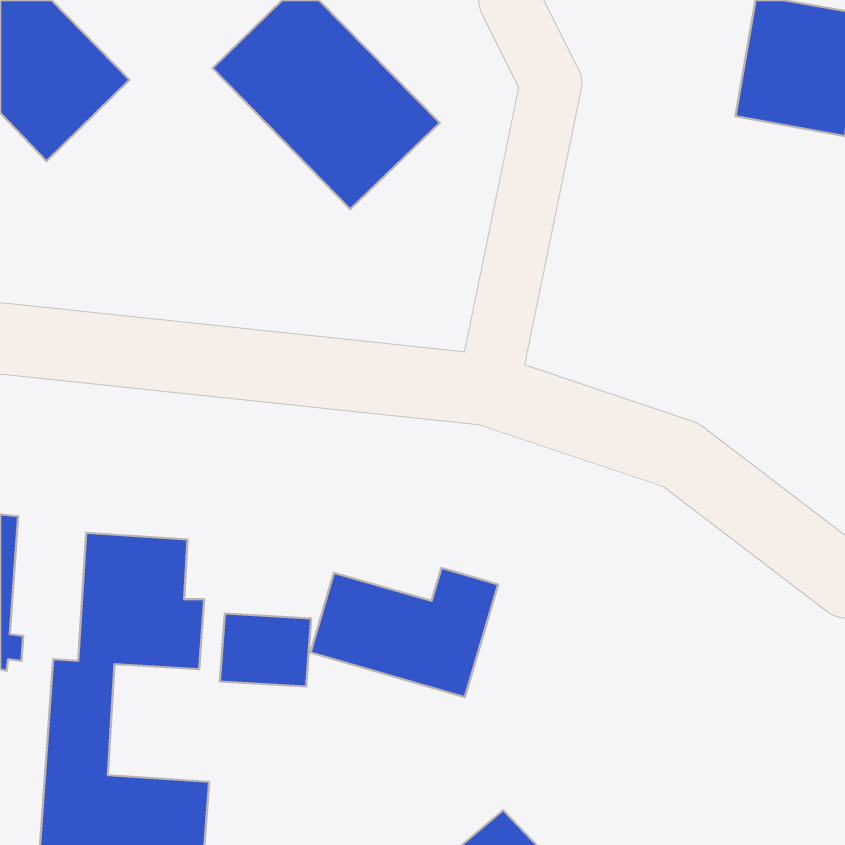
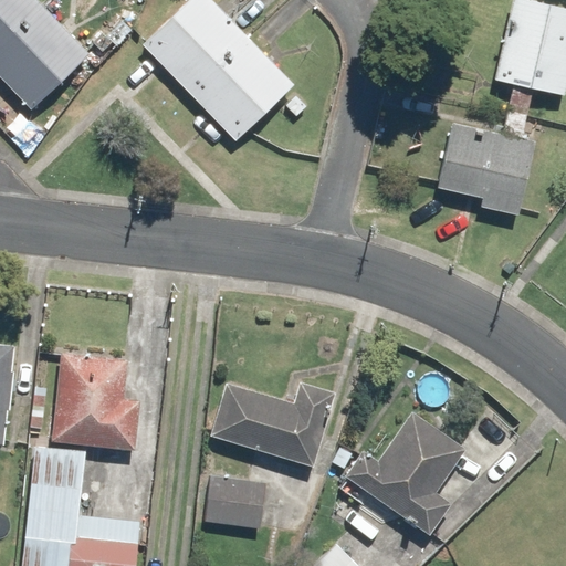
building: none -> [437,105,534,216]
building: none -> [343,410,467,534]
building: [220,614,311,687] -> [202,481,263,530]

